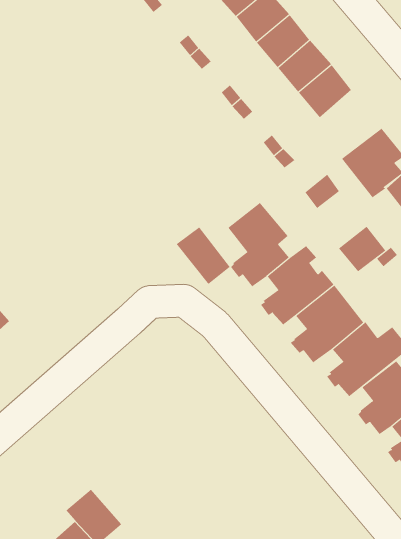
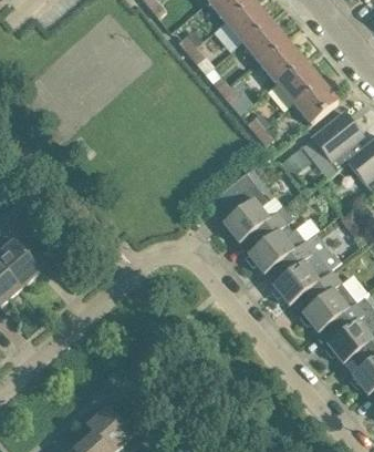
building: none -> [294,80,339,123]
building: [338,226,386,272] -> none
building: [176,227,230,285] -> none

